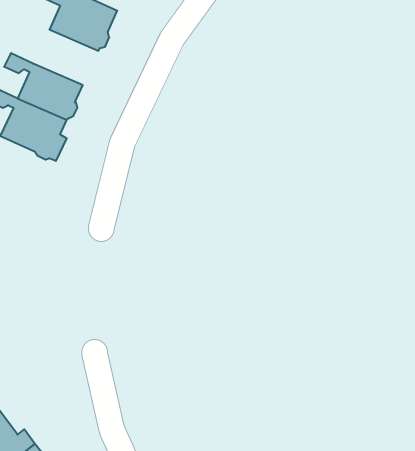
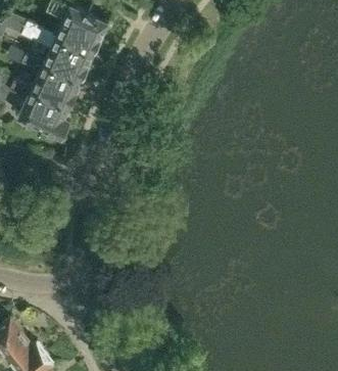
building: none -> [22,21,93,78]

